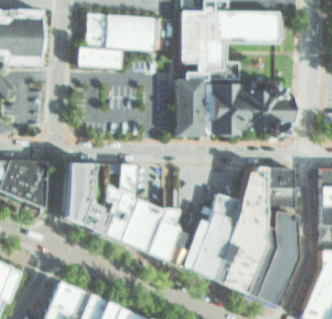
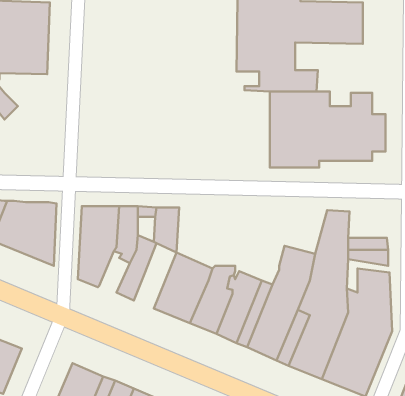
building: [78,14,158,68] -> none
building: [176,77,207,137] -> none
building: [266,168,295,188] -> none
building: [105,192,137,241] -> none
building: [79,198,102,229] -> none

